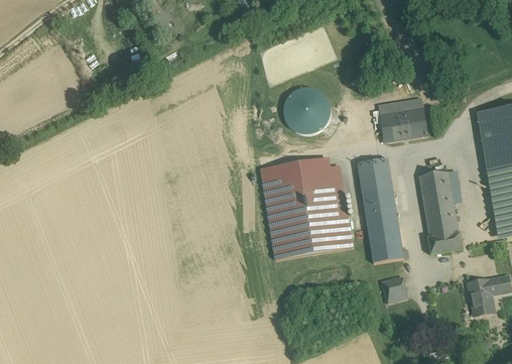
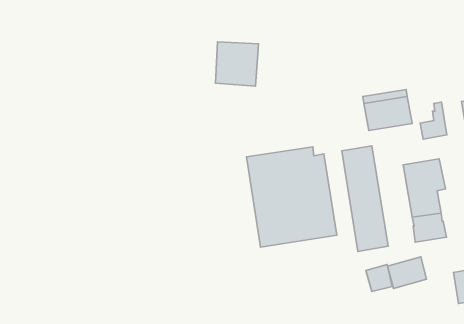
building: [284,87,328,131] -> [215,42,259,86]
building: none -> [420,102,447,139]
building: none -> [387,257,427,289]

